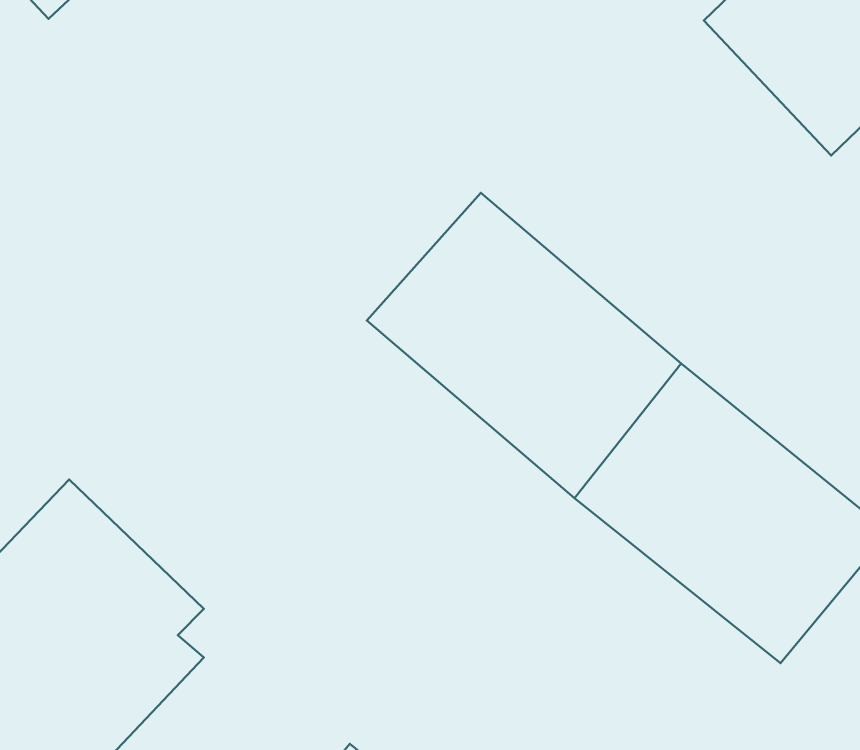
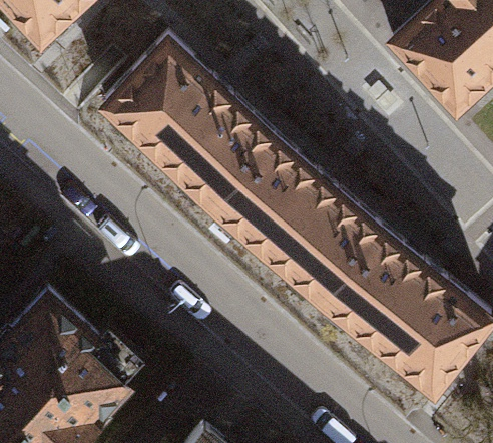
building: none -> [103,35,275,201]

